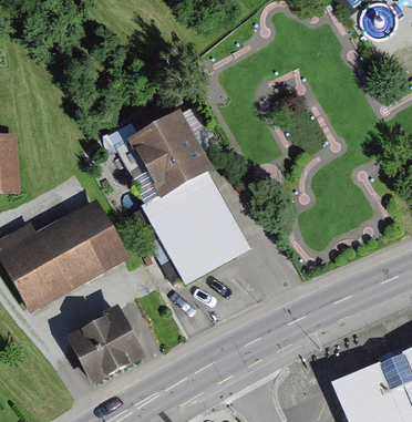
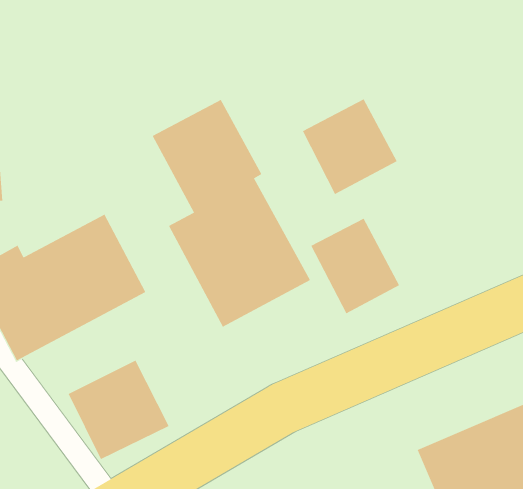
building: none -> [302,98,398,195]
building: none -> [311,218,400,314]

